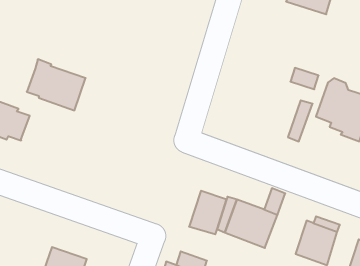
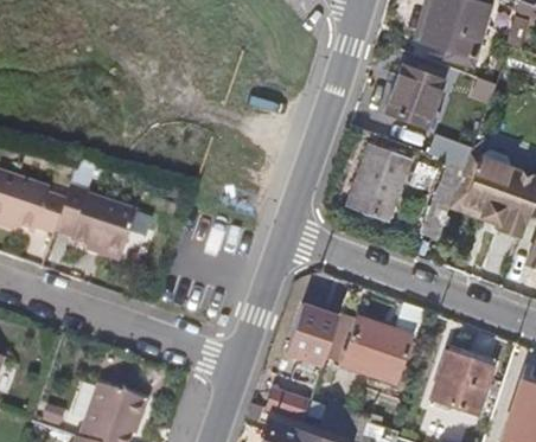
building: none -> [390,68,446,124]
building: [27,59,86,110] -> [53,187,135,258]
building: none -> [350,143,411,218]

